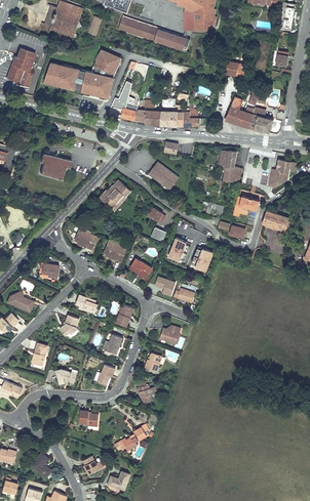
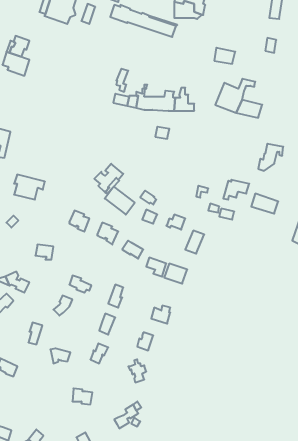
building: [45,51,121,98] -> none
building: [218,150,241,183] -> none
building: [39,151,71,176] -> [14,175,45,200]
building: [148,161,179,190] -> [105,187,135,215]

